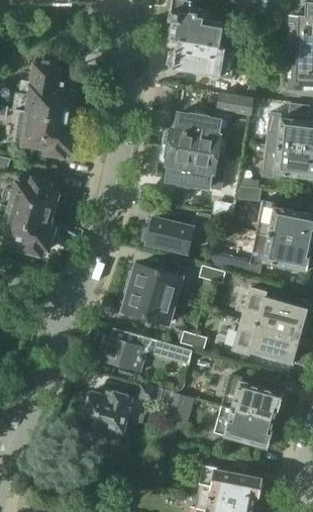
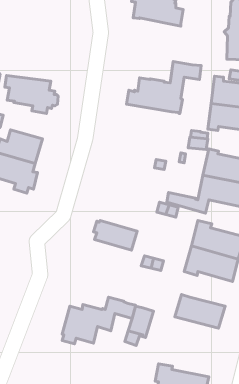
building: [168,39,234,77] -> none
building: [13,58,74,117] -> none
building: [159,145,226,190] -> none
building: [142,218,193,252] -> none
building: [126,265,181,301] -> none
building: [102,329,192,372] -> none
building: [213,406,275,448] -> none

